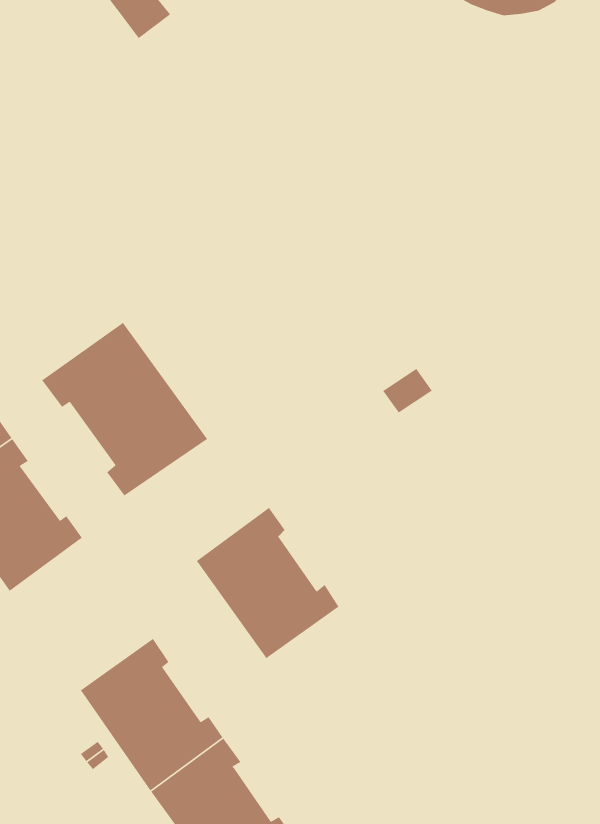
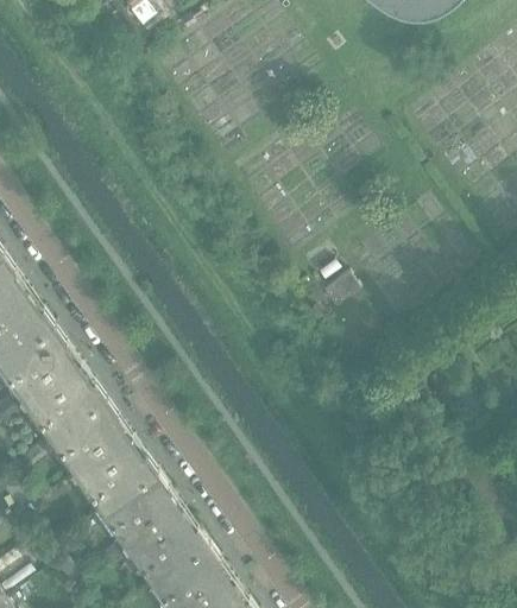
building: [41,322,208,497] -> none
building: [196,507,340,659] -> [46,392,151,502]

